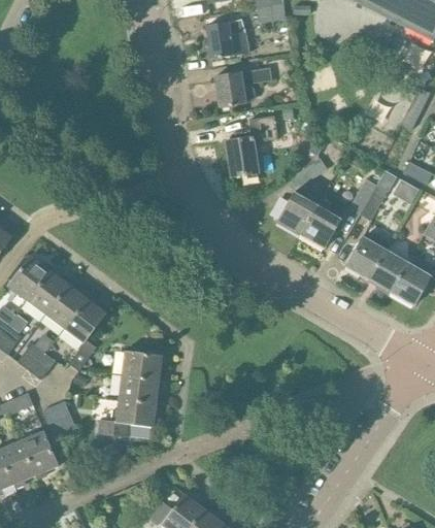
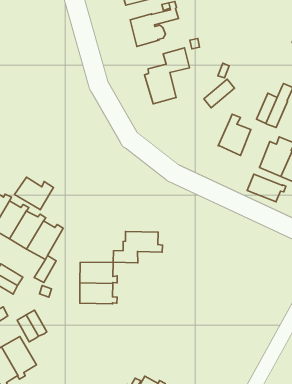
building: [275,192,316,234] -> none
building: none -> [14,177,54,210]
building: none -> [247,174,286,202]
building: [99,399,159,437] -> [113,232,162,263]

